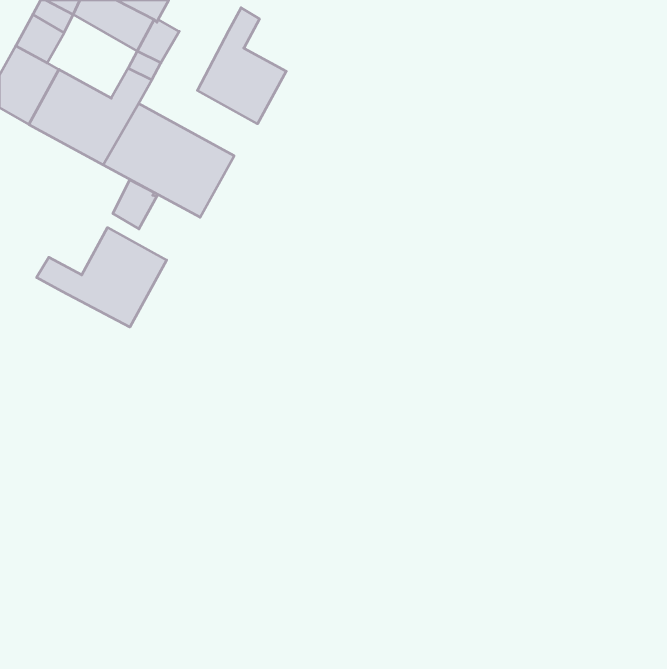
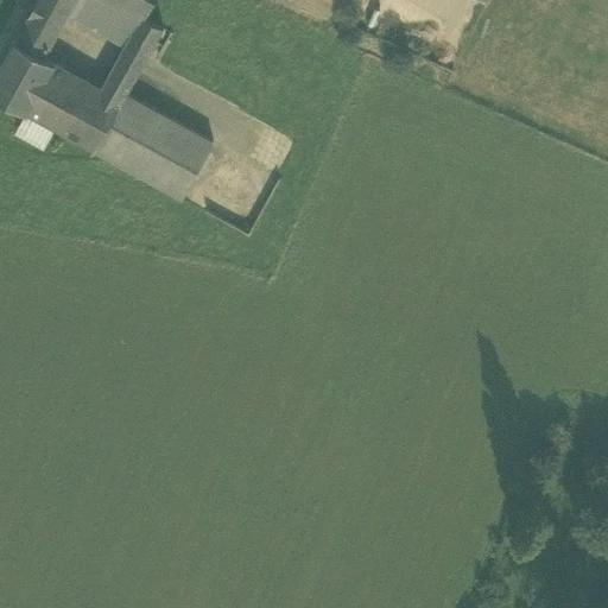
building: [197,8,286,124] -> none
building: [113,180,157,229] -> none
building: [37,228,167,327] -> none

